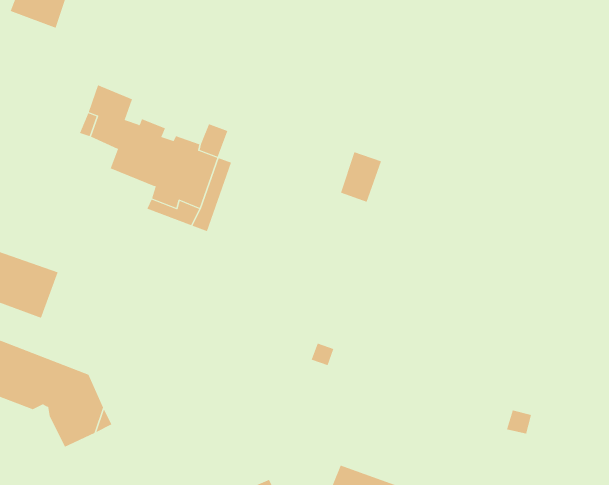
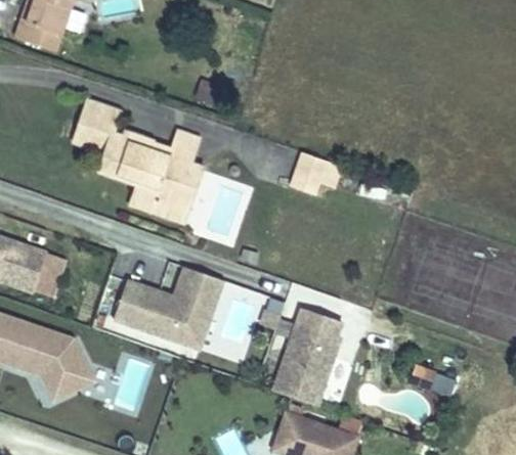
building: none -> [117,270,226,352]
building: none -> [271,304,342,402]

